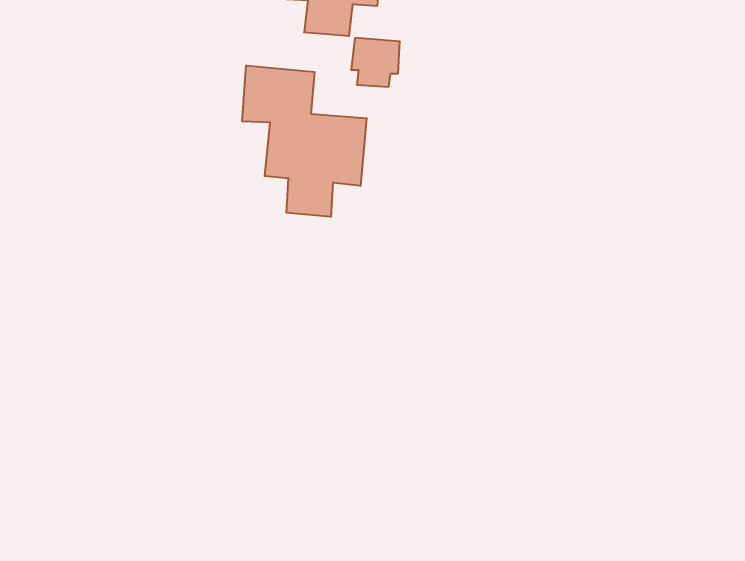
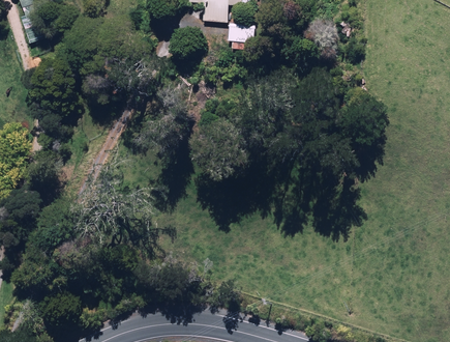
building: [242,65,366,217] -> none

